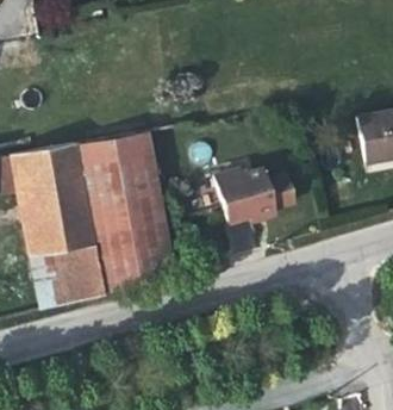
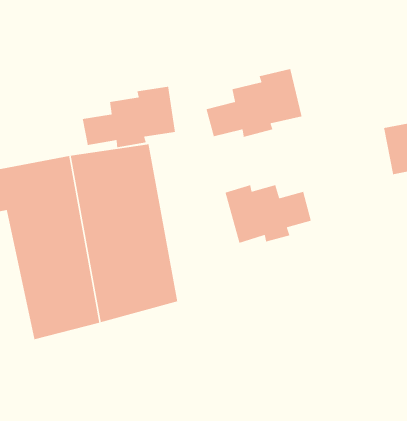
building: none -> [205,68,302,138]
building: none -> [82,86,176,148]

